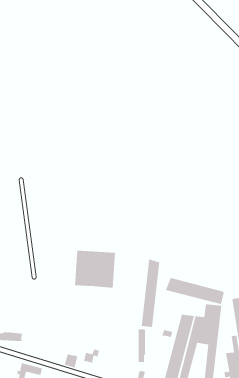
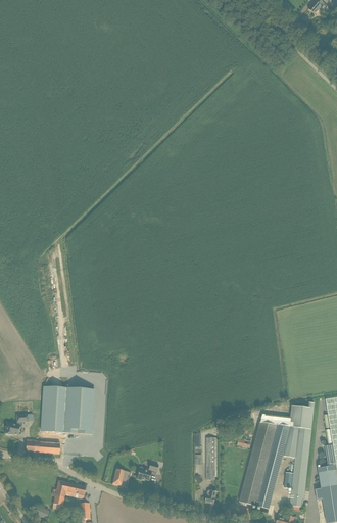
building: [74,250,116,288] -> [41,385,94,433]
building: [141,259,160,328] -> none
building: [165,277,225,305] -> none

